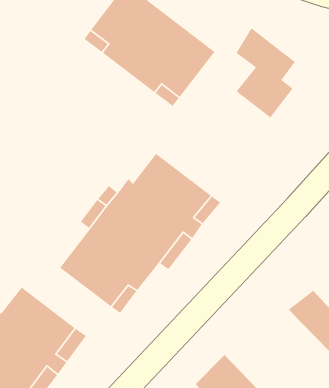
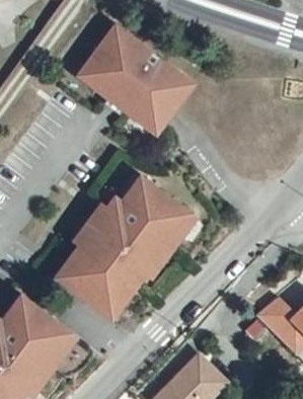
building: [236,27,296,119] -> none

